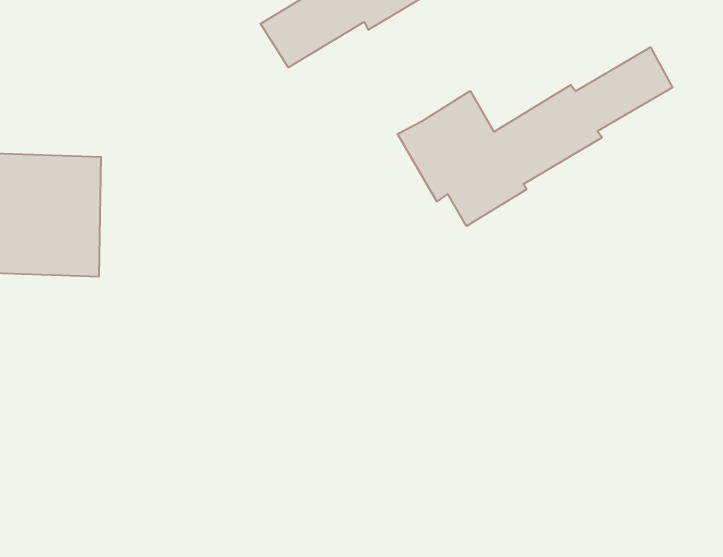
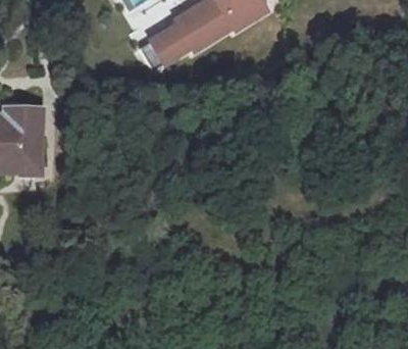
building: [398,47,673,226] -> none

